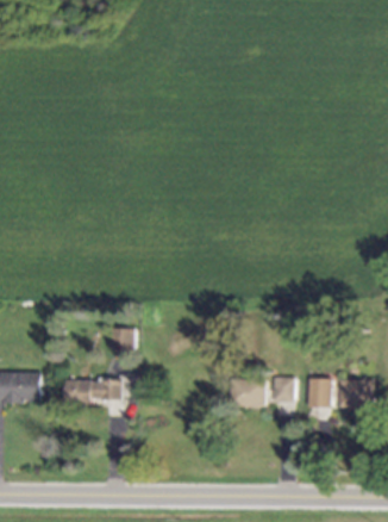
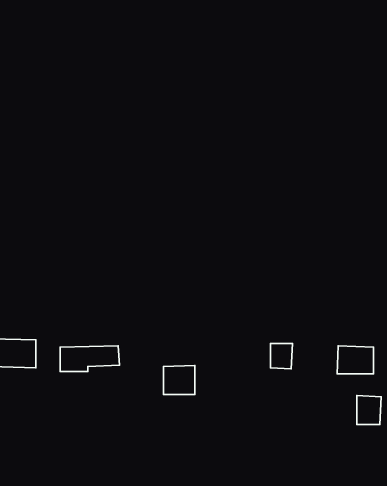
building: [111,329,134,352] -> none
building: [234,379,265,408] -> [163,365,195,394]
building: [307,379,331,408] -> [357,396,381,425]

